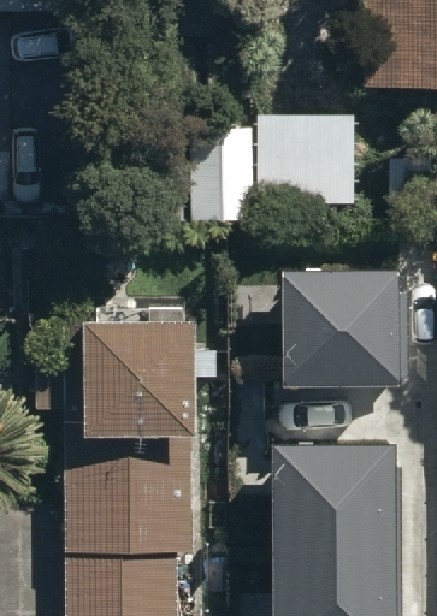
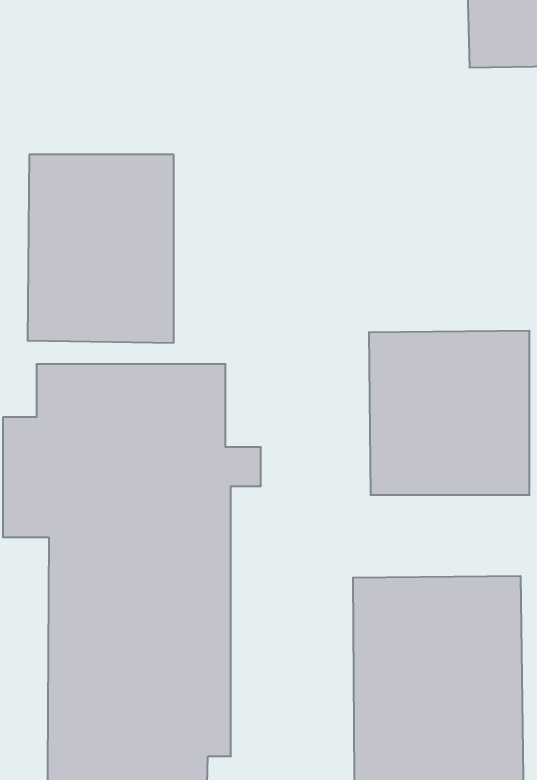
building: [190,120,353,217] -> none
building: none -> [28,154,173,343]

